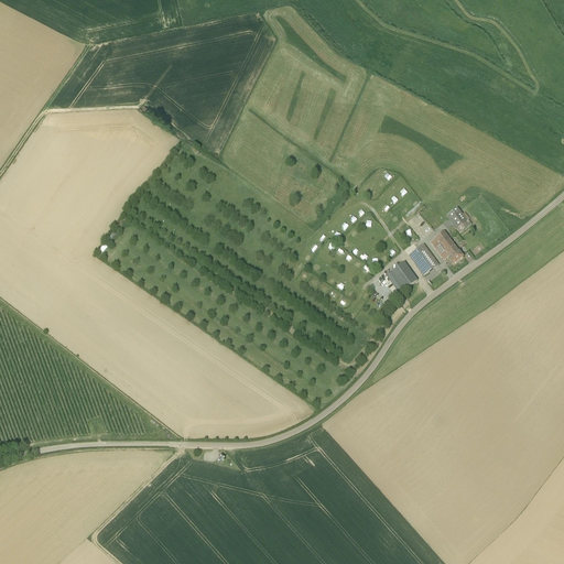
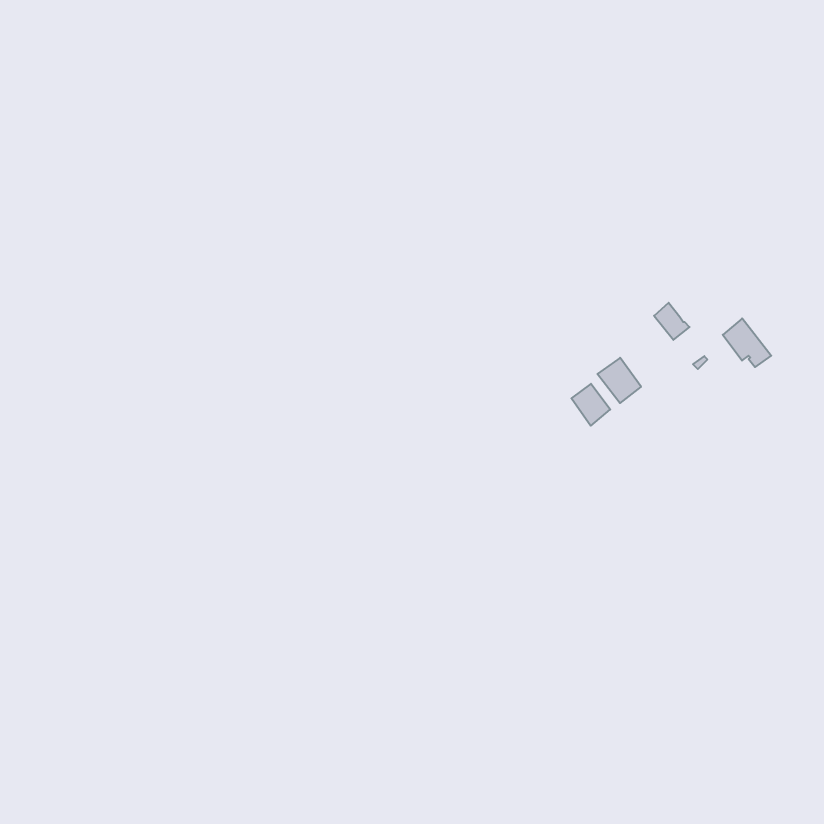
building: [429,230,462,263] -> [723,318,771,367]

